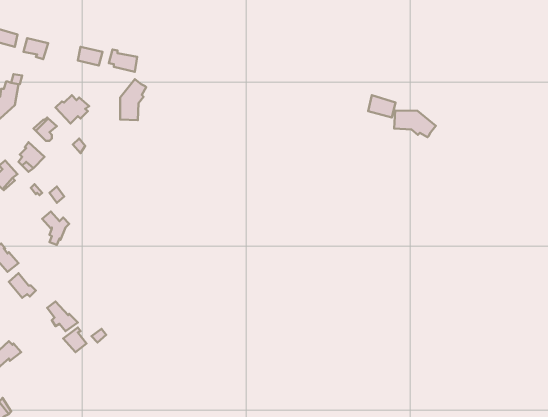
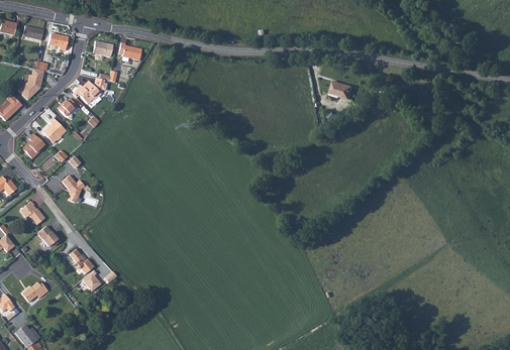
building: [120,79,146,120] -> none
building: [394,111,436,137] -> none

